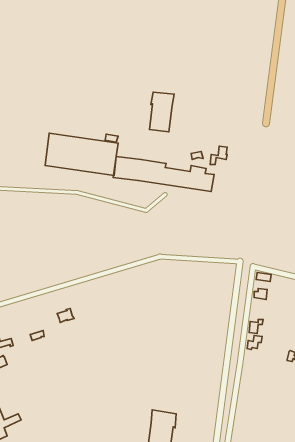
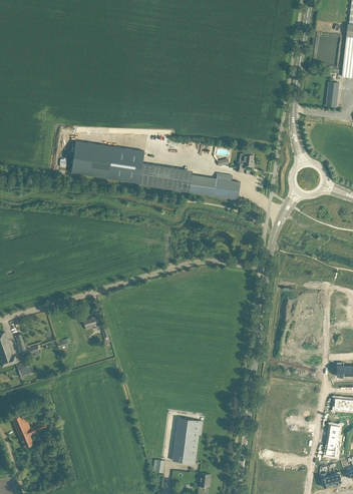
building: [150,92,174,132] -> none

